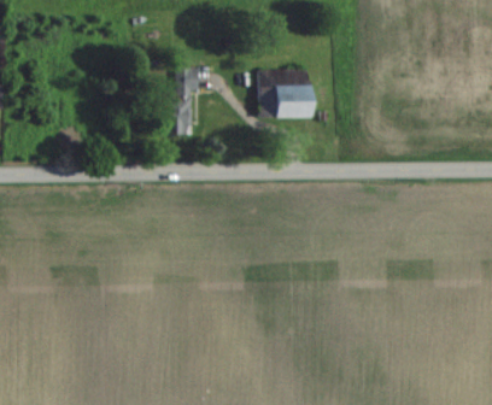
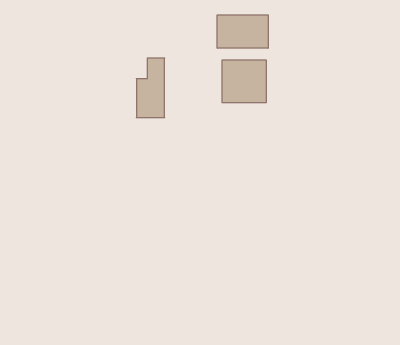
building: none -> [217,15,268,48]

